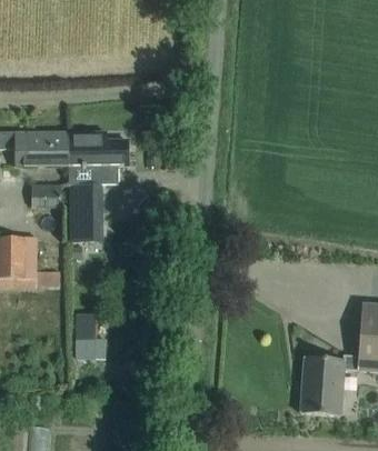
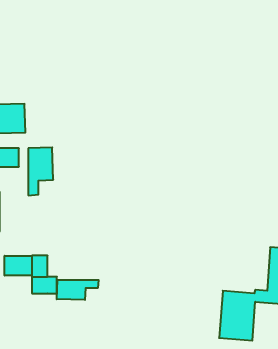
building: [67,130,127,183] -> none
building: none -> [5,256,32,276]
building: none -> [57,280,99,300]

